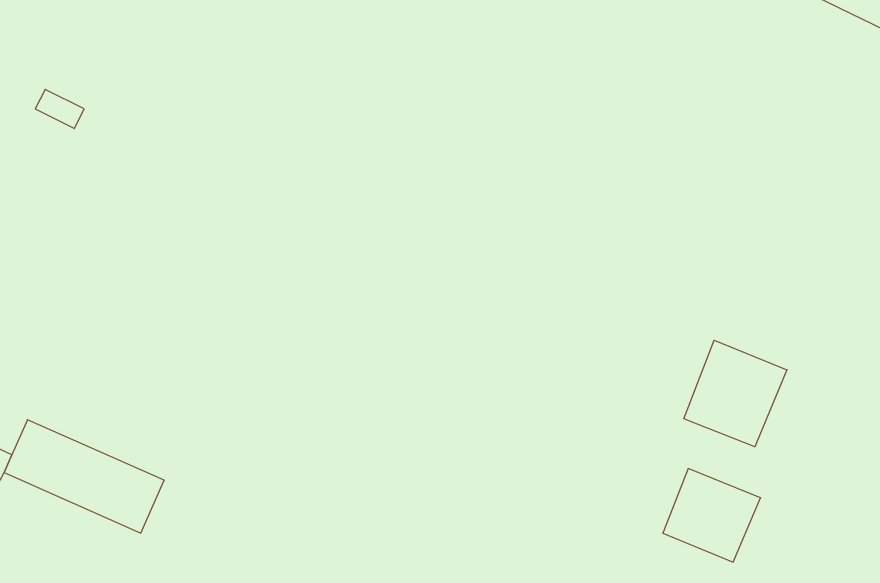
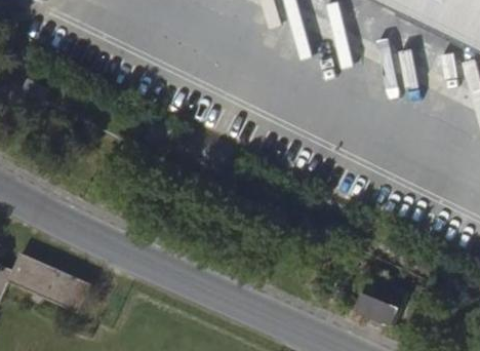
building: [684,340,787,447] -> none

